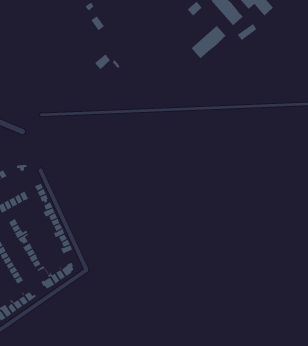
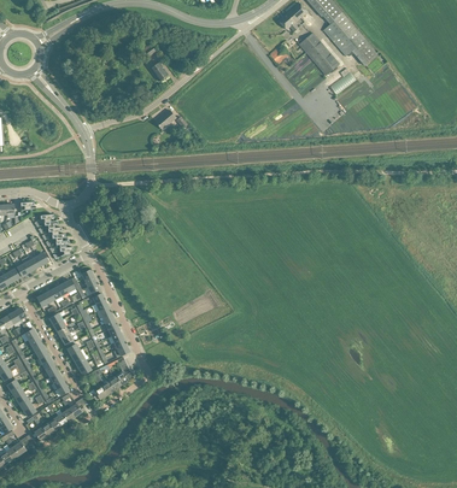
building: [191,25,226,59] -> none

